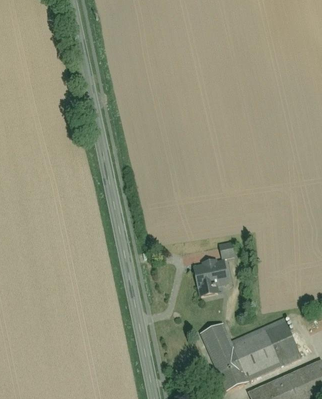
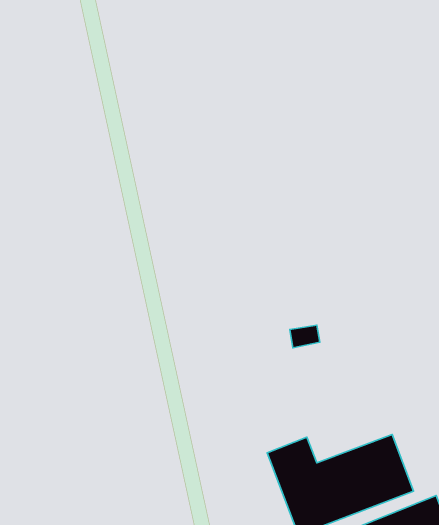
building: [191,258,230,299] -> none

